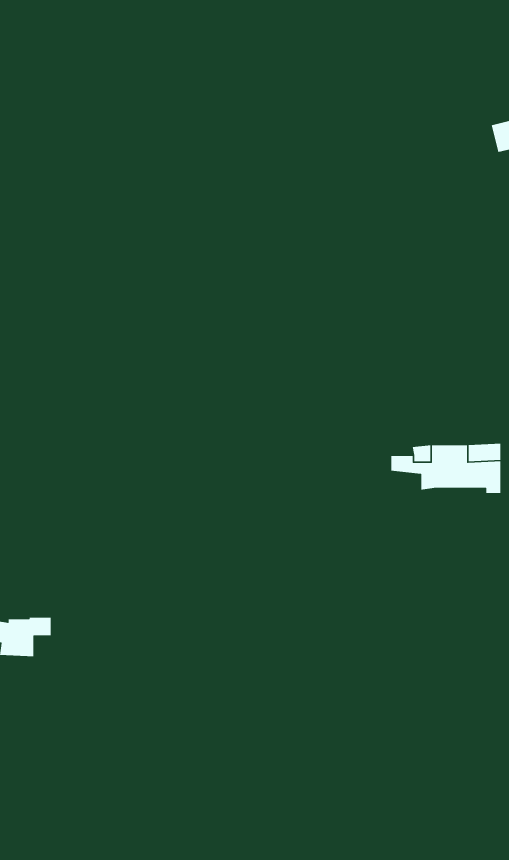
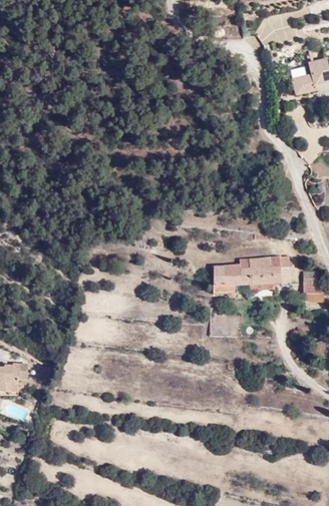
building: none -> [216,267,245,301]

